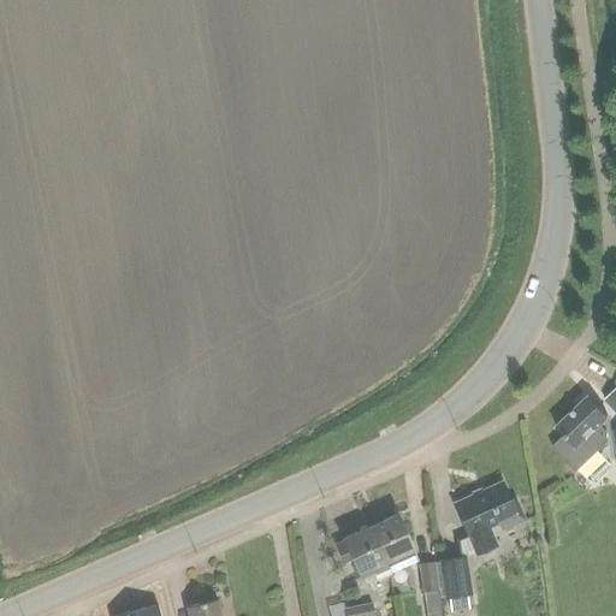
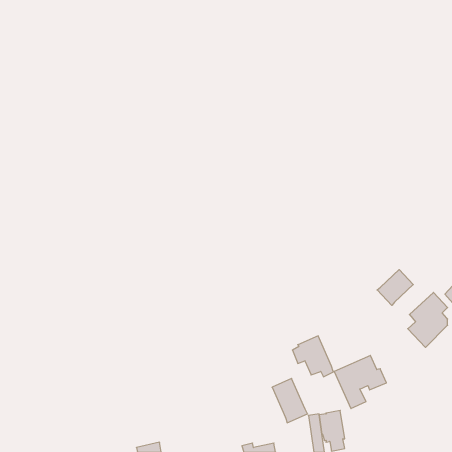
building: none -> [377,270,413,305]
building: [336,526,392,581] -> [292,336,334,377]

